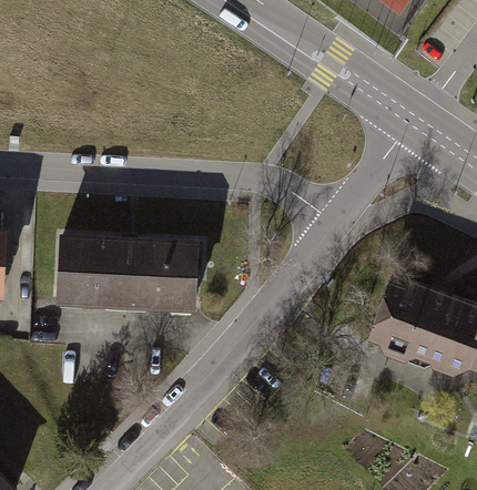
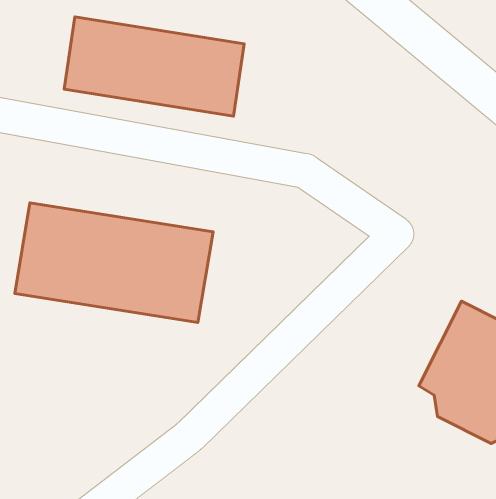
building: none -> [64,17,244,116]

